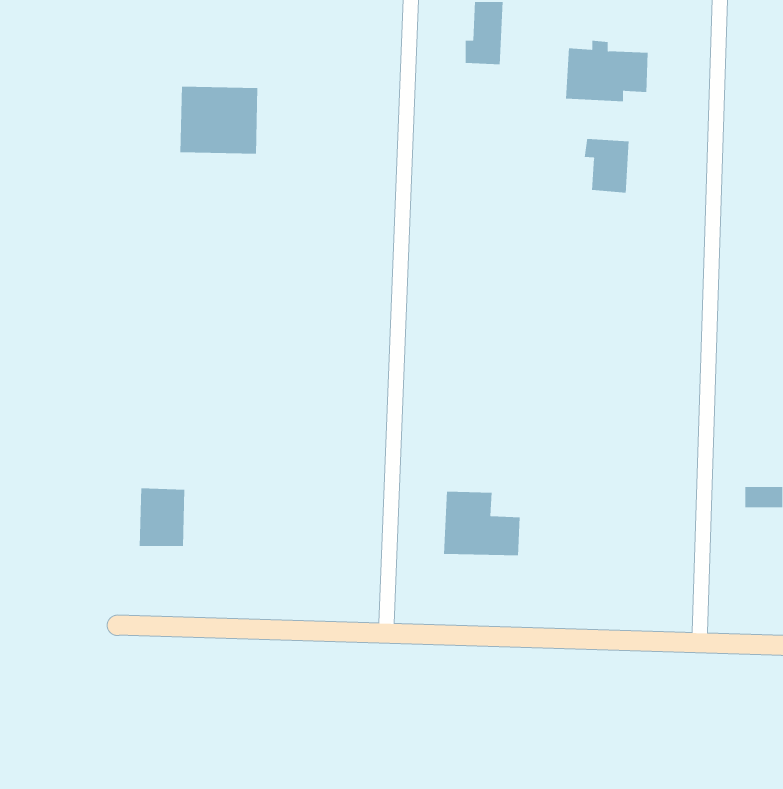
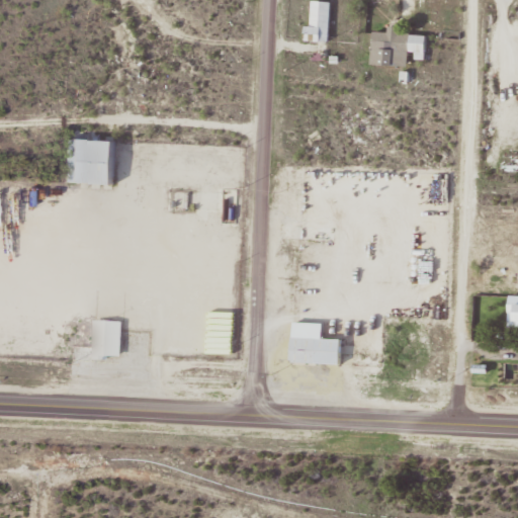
building: [179,86,258,154] -> [62,140,113,184]
building: [584,138,629,193] -> none

